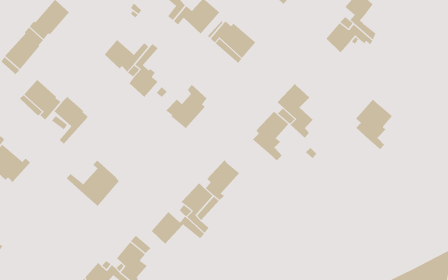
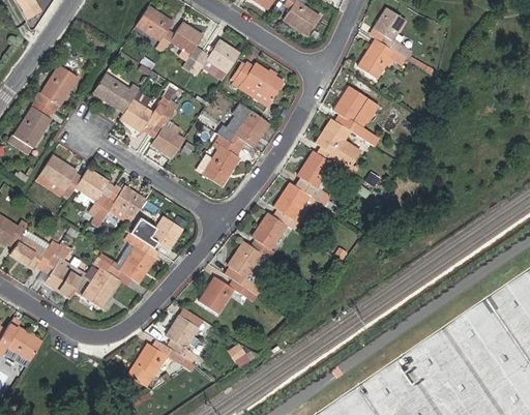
building: none -> [93,73,139,111]
building: none -> [215,108,269,149]
building: [355,99,393,150] -> [333,87,374,141]
building: none -> [92,186,146,227]
building: none -> [273,183,315,230]
building: none -> [130,216,183,249]
building: none -> [42,243,82,299]
building: none -> [82,258,121,308]

